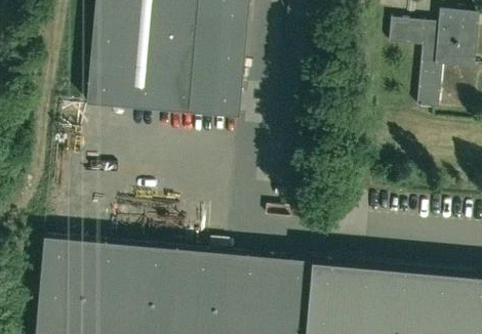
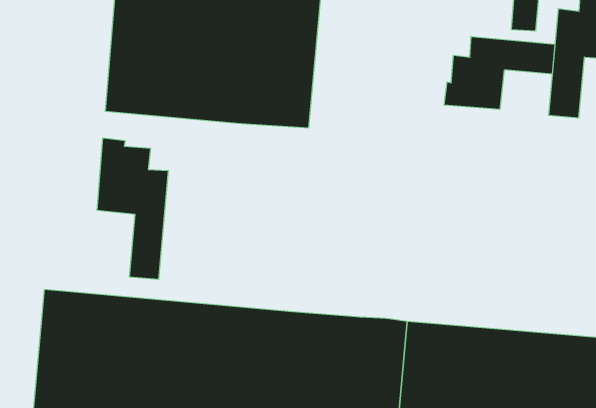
building: none -> [444,36,555,110]
building: none -> [97,138,168,280]

